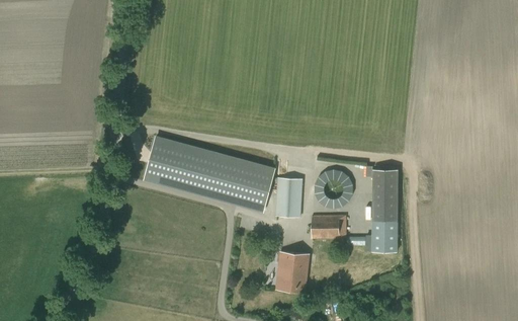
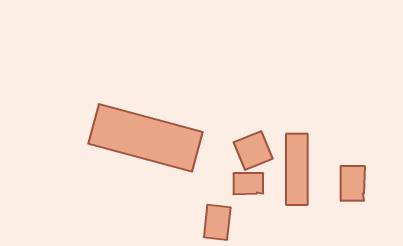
building: [275,177,301,217] -> none
building: none -> [341,166,365,201]

